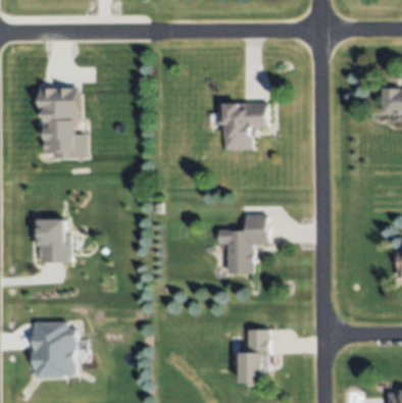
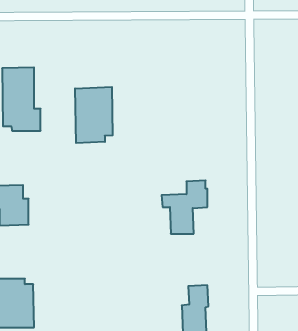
building: [224,101,269,148] -> none
building: none -> [75,87,113,143]

